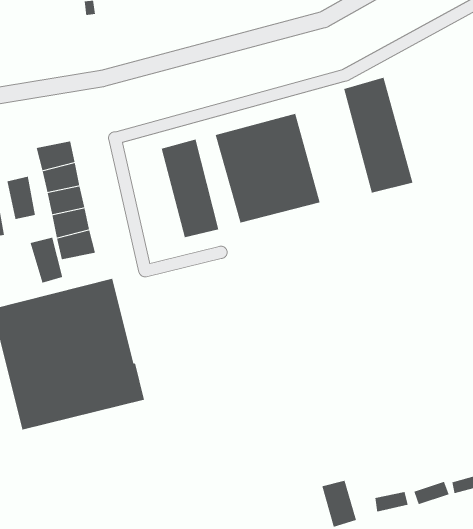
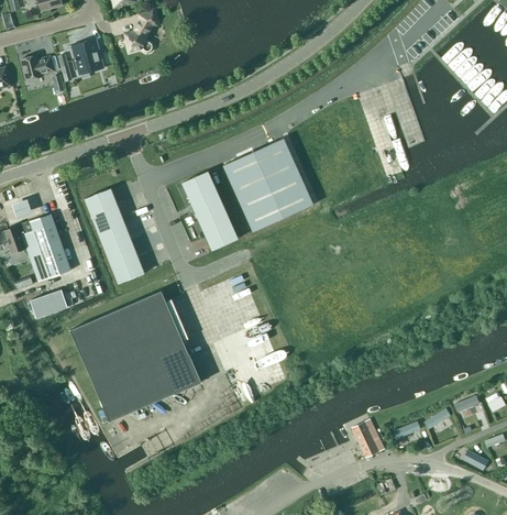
building: [343,77,413,194] -> none
building: [7,176,35,220] -> none
building: [30,237,63,284] -> none

